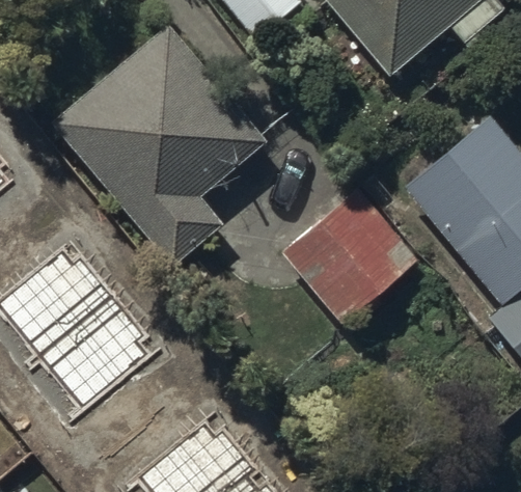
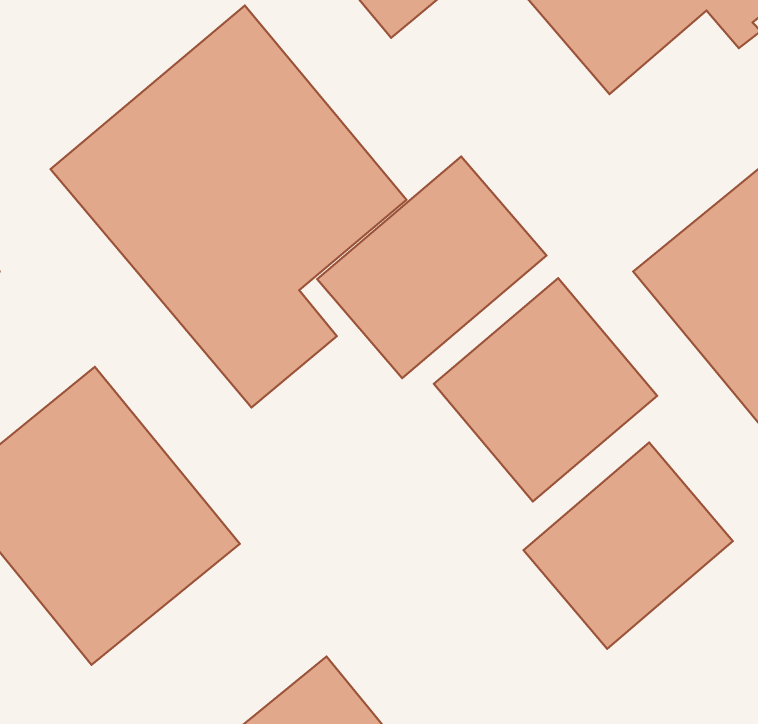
building: none -> [317,157,546,378]
building: none -> [523,443,733,649]

